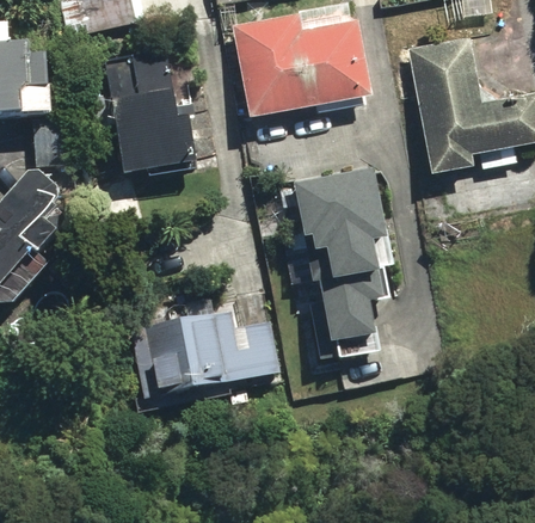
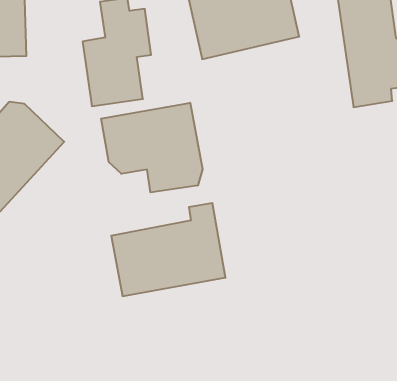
building: [291,166,388,343] -> none
building: none -> [101,103,203,192]

